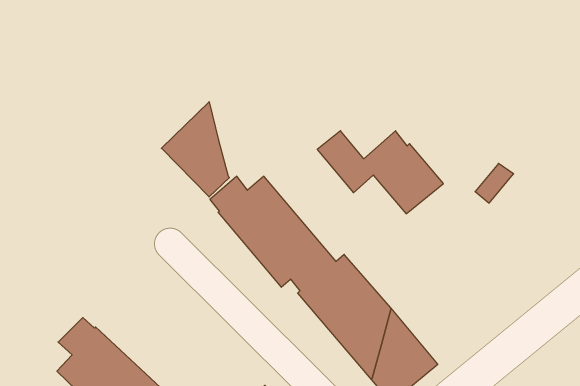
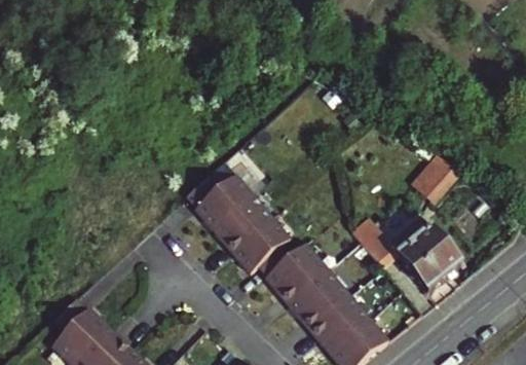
building: [161,102,229,197] -> none
building: [317,131,443,214] -> [351,215,462,288]

